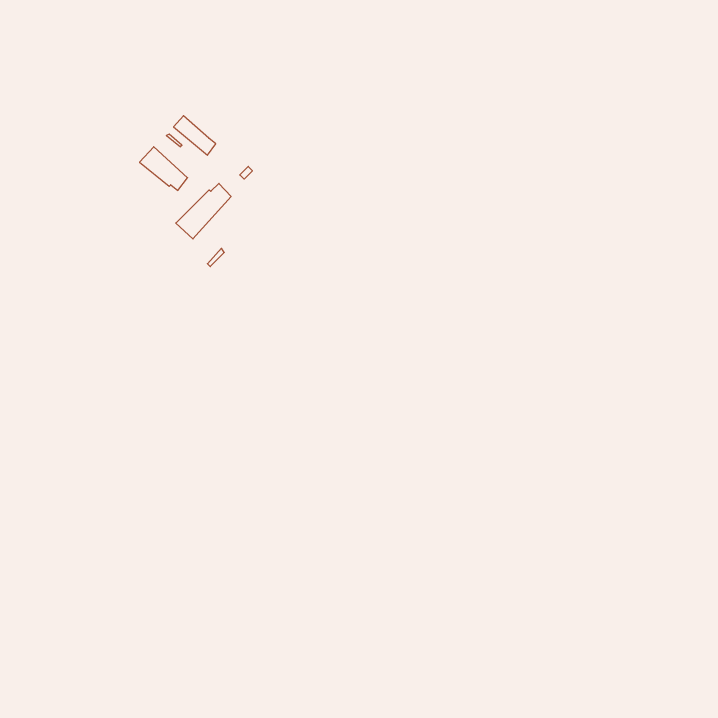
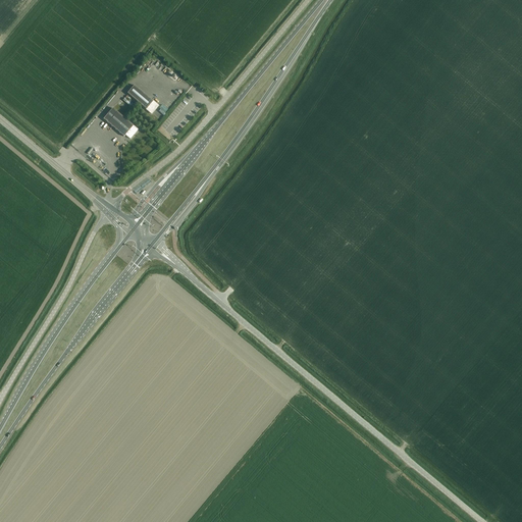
building: [176,183,231,239] -> none

